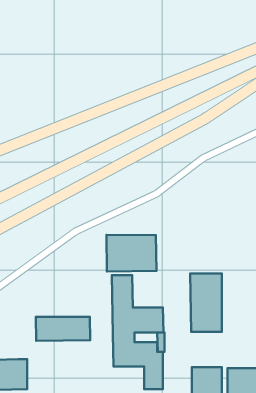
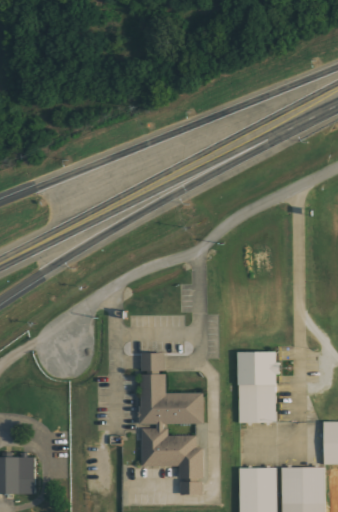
building: [106,235,156,271] -> none
building: [36,317,90,341] -> none

